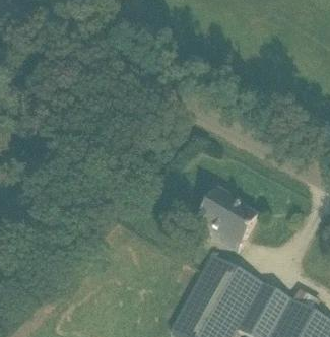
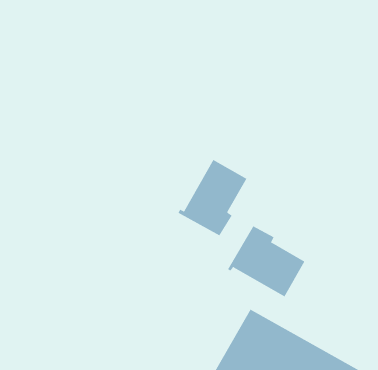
building: none -> [178,159,247,236]

